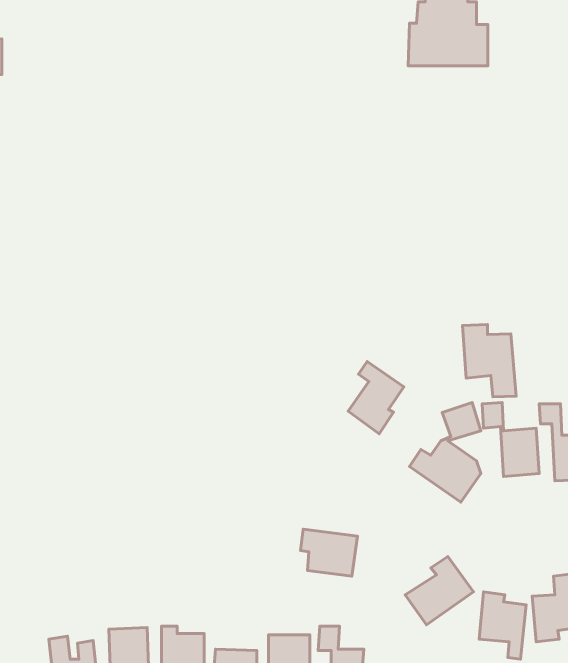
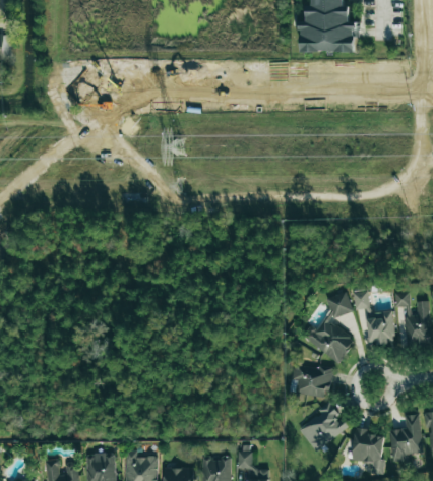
building: [462,324,516,397] -> none
building: [348,361,404,434] -> none
building: [300,529,357,576] -> [291,364,331,398]

